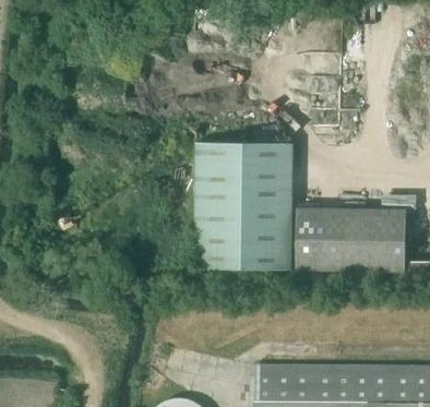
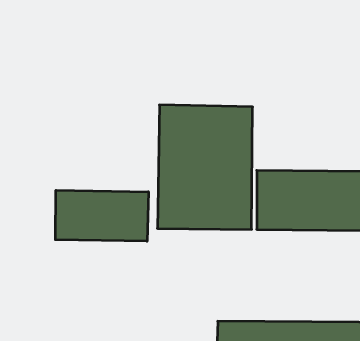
building: none -> [55,190,148,241]

